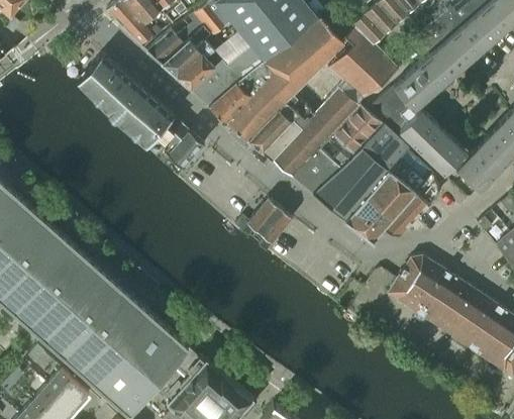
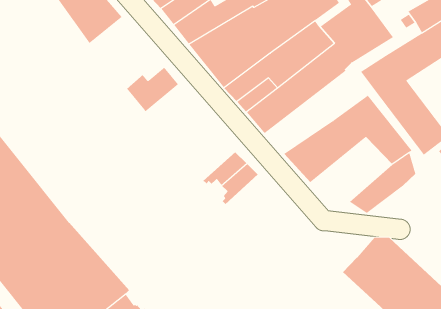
building: [115,91,189,158] -> none
building: [293,107,384,195] -> none
building: [342,168,416,241] -> none

